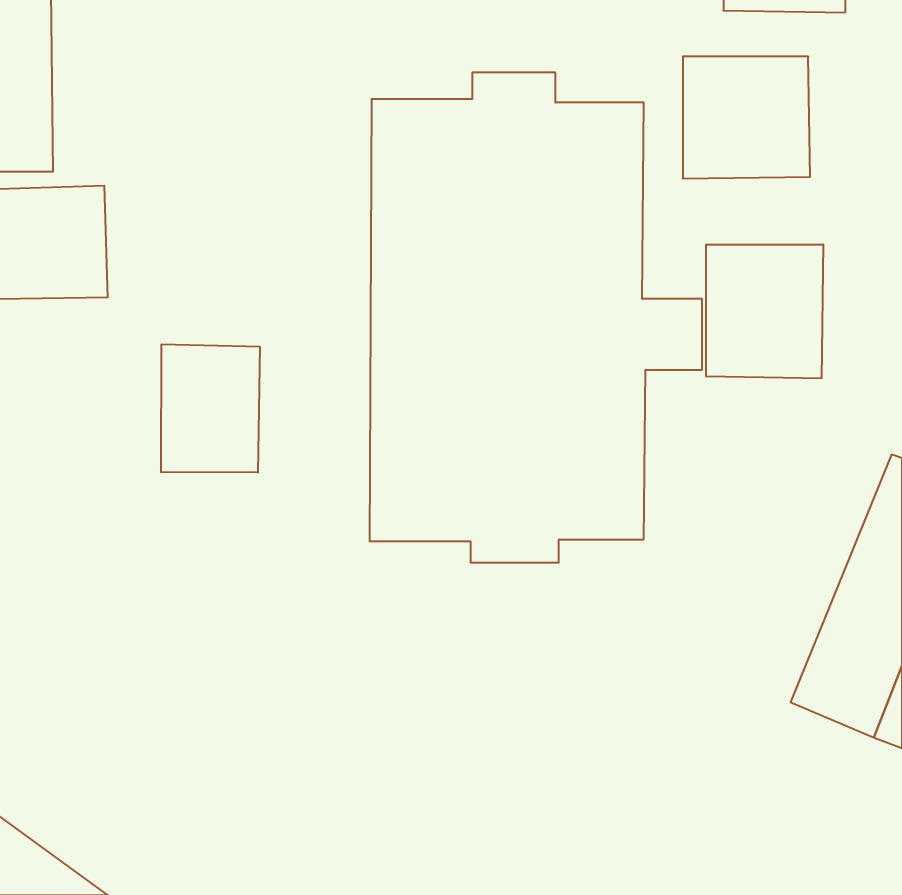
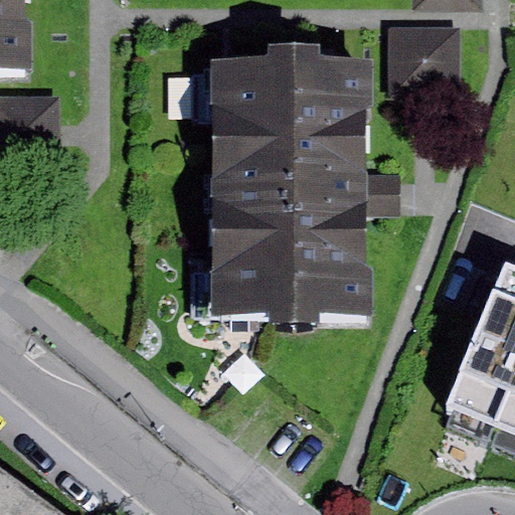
building: [706,244,823,378] -> none
building: [161,344,260,473] -> none

